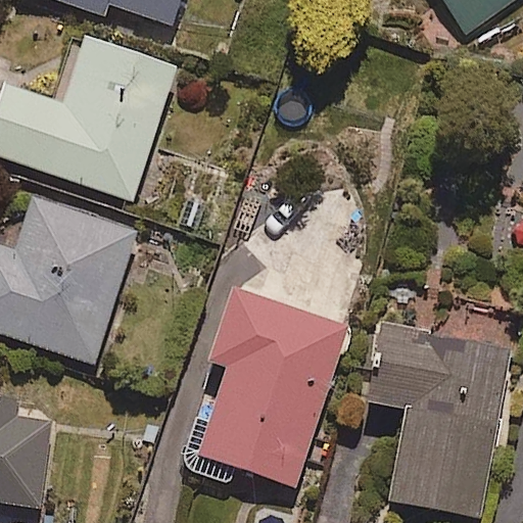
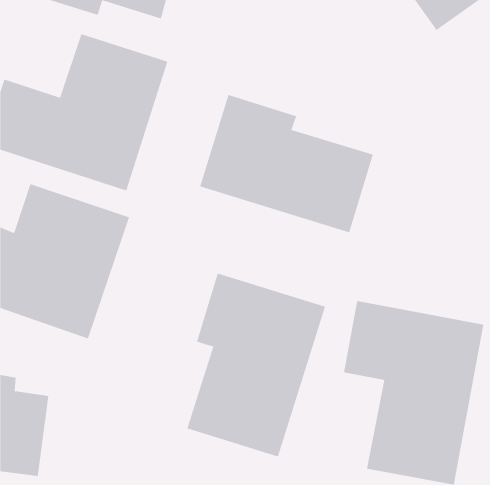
building: none -> [199,94,374,233]

